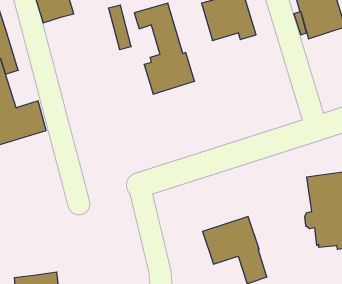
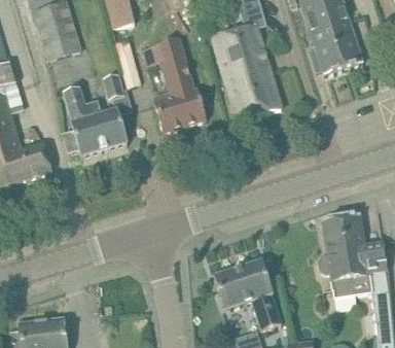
building: none -> [224,68,281,119]
building: none -> [62,73,133,156]

